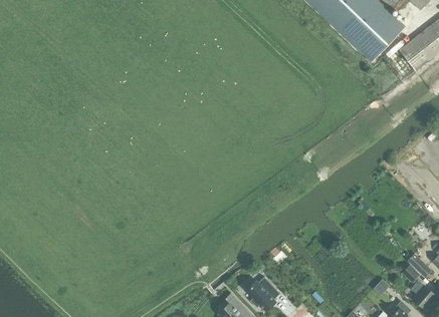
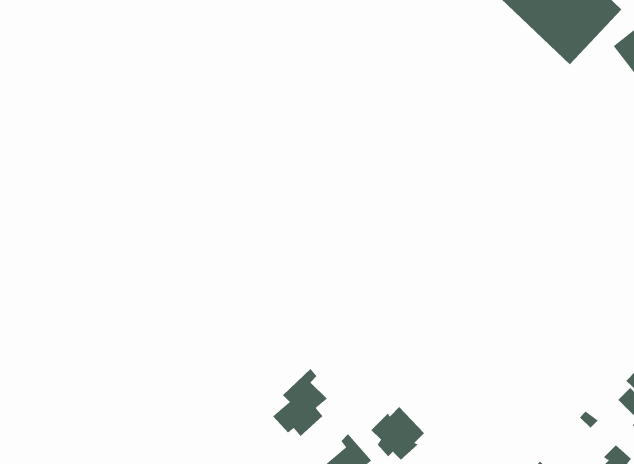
building: none -> [272,368,328,437]

